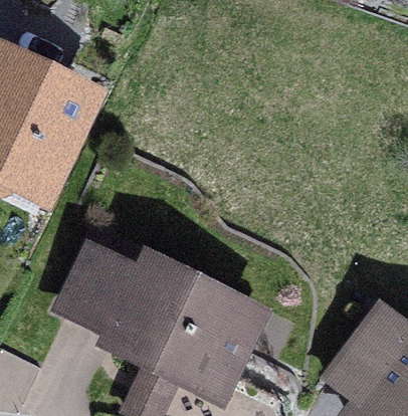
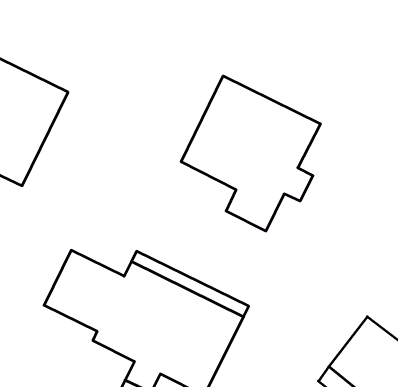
building: none -> [181,76,320,231]

